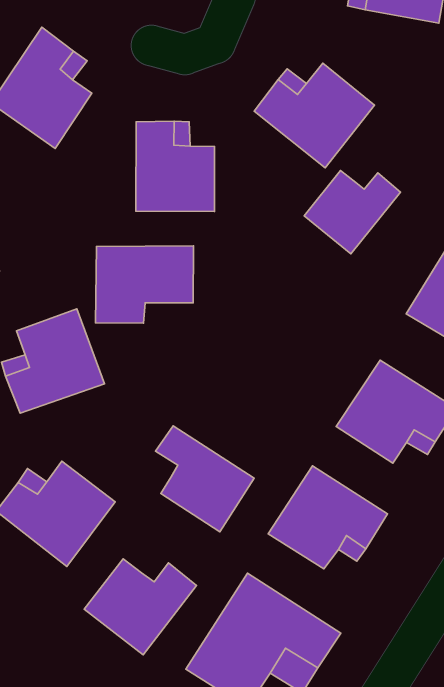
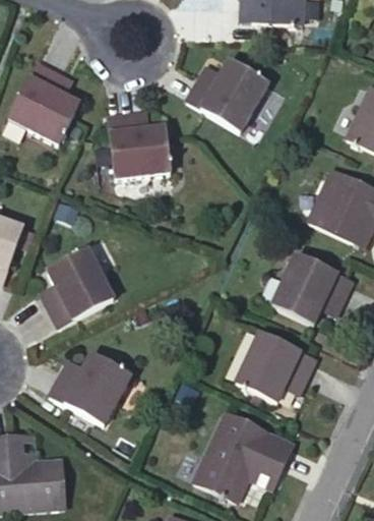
building: [304,170,400,254] -> none
building: [95,246,193,323] -> none
building: [156,426,254,532] -> none
building: [84,559,197,655] -> none

